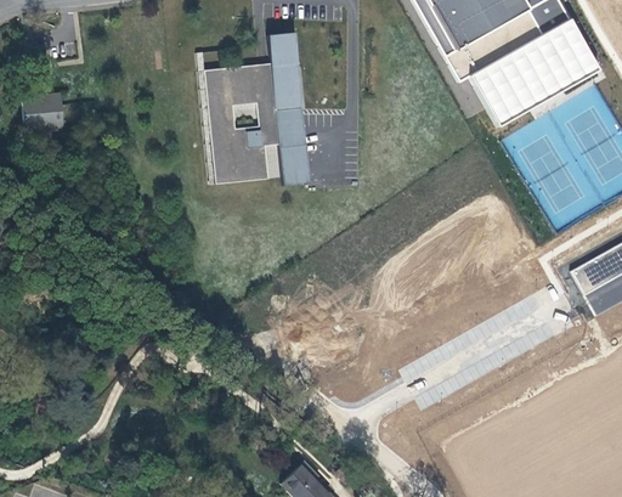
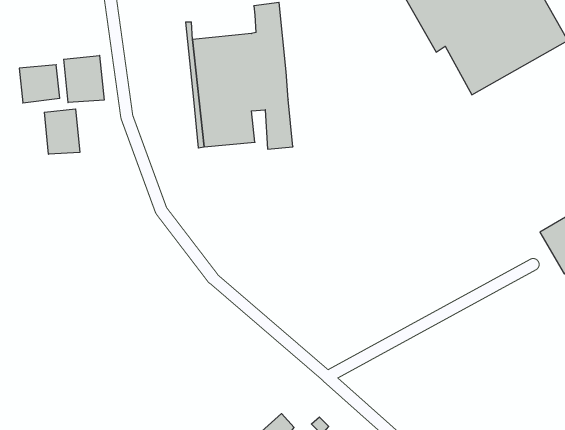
building: none -> [64,55,104,103]
building: none -> [44,109,80,154]

